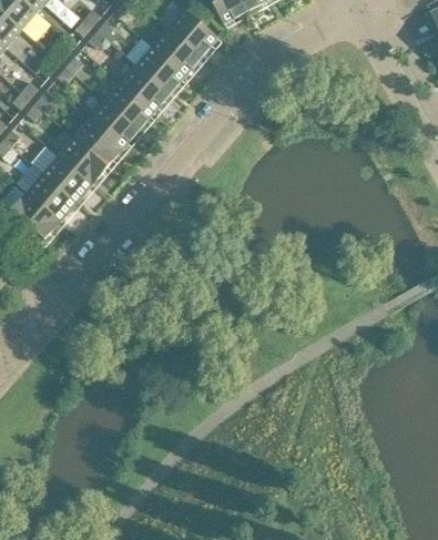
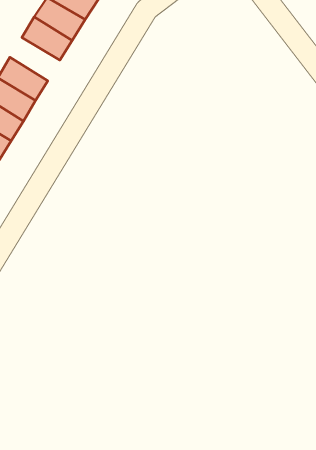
building: [120,65,170,113] -> none

